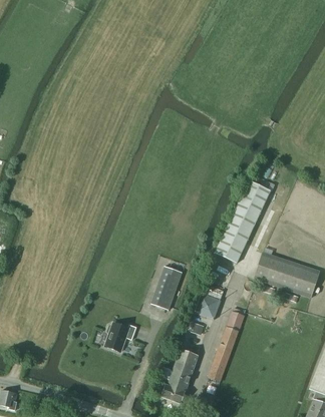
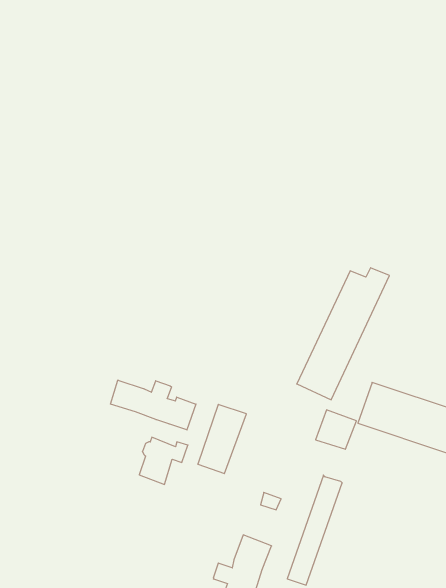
building: none -> [111,380,196,430]
building: [195,294,221,319] -> [316,410,356,449]
building: [105,322,136,352] -> [139,437,188,484]

